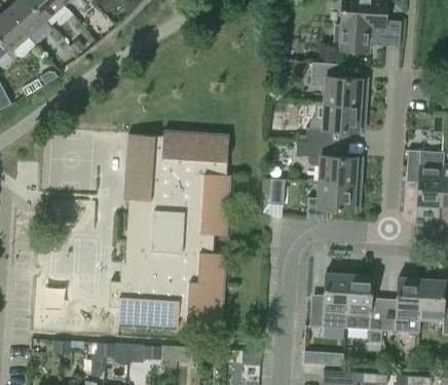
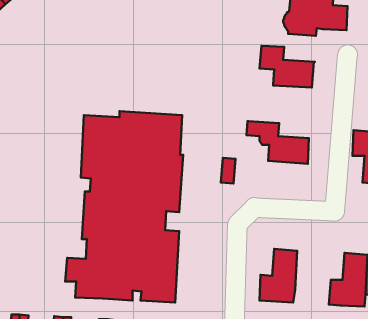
building: [298,103,364,143] -> none
building: [306,182,360,220] -> none
building: [346,275,383,331] -> none

